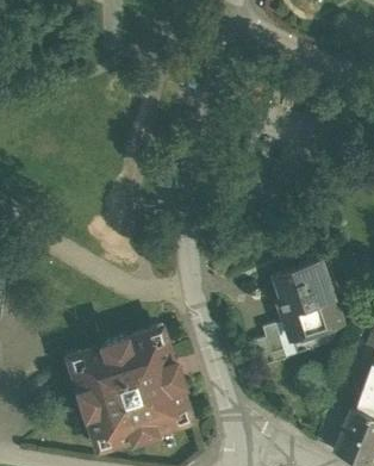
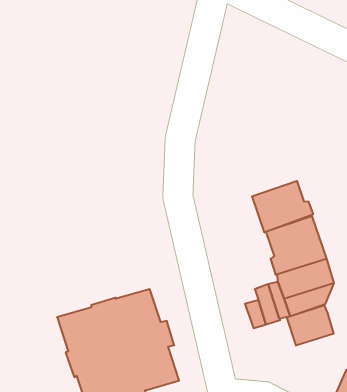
building: none -> [252,181,313,232]
building: none -> [287,305,334,346]

